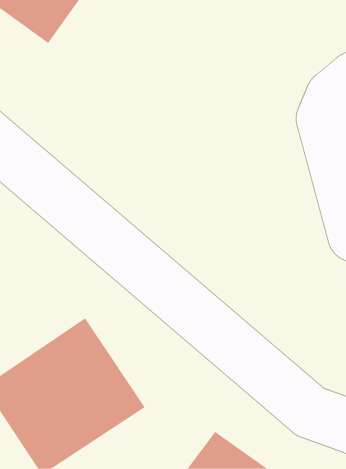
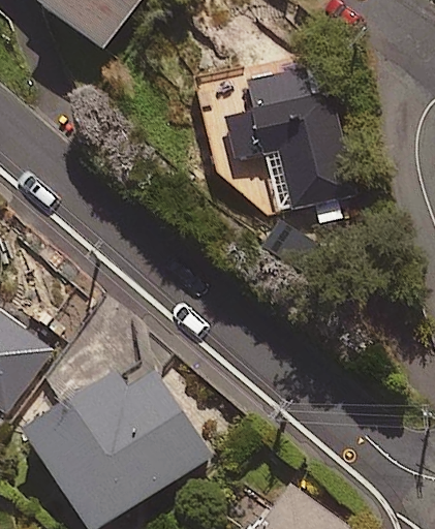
building: none -> [224,58,355,213]

